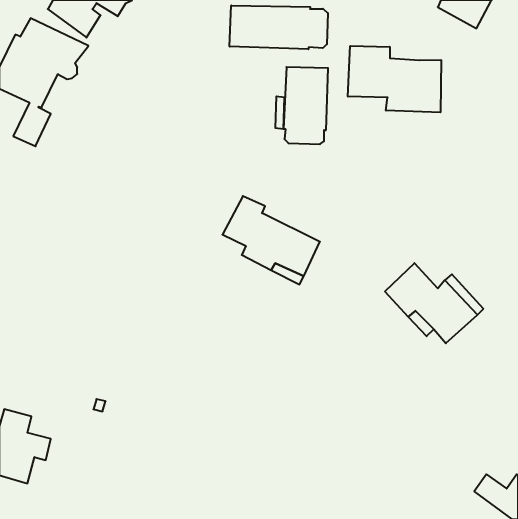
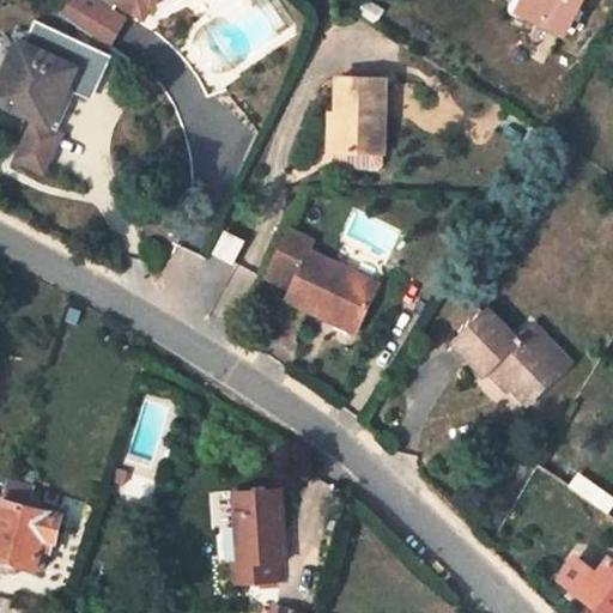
building: [230,5,328,49] -> none
building: [348,46,441,112] -> none
building: none -> [230,491,286,583]

